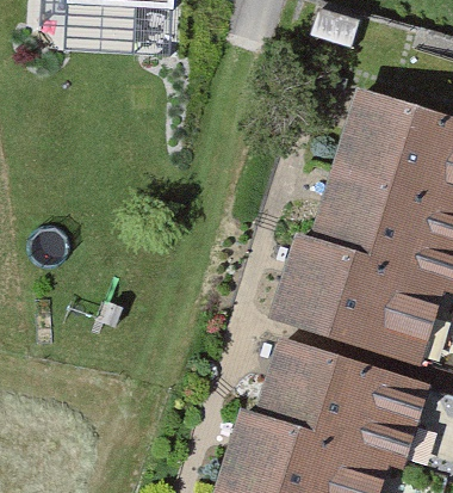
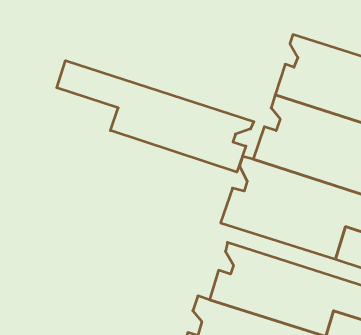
building: none -> [57,61,254,172]

